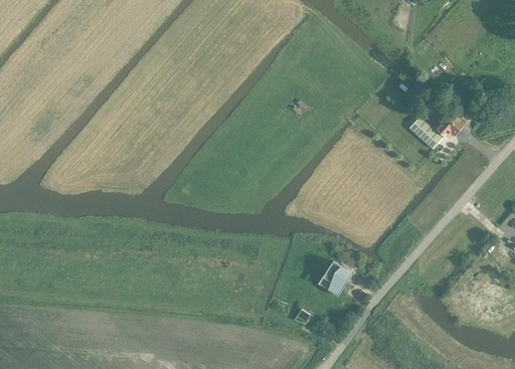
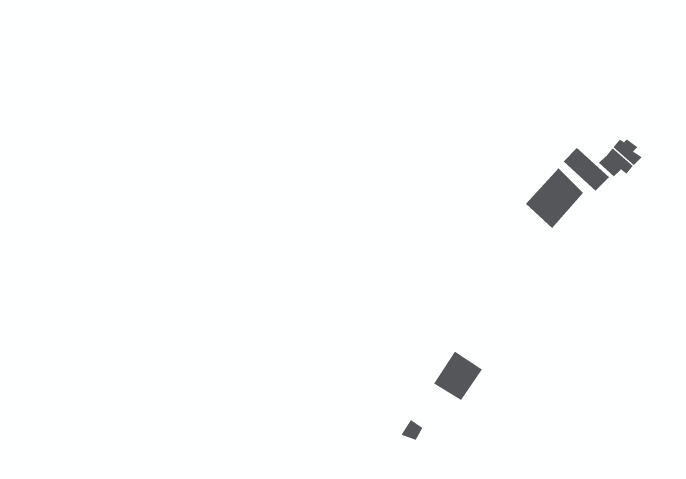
building: none -> [525,167,584,229]

